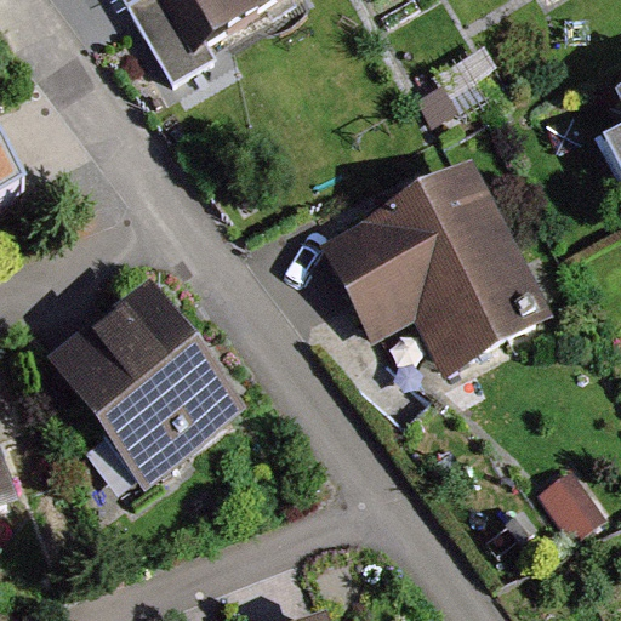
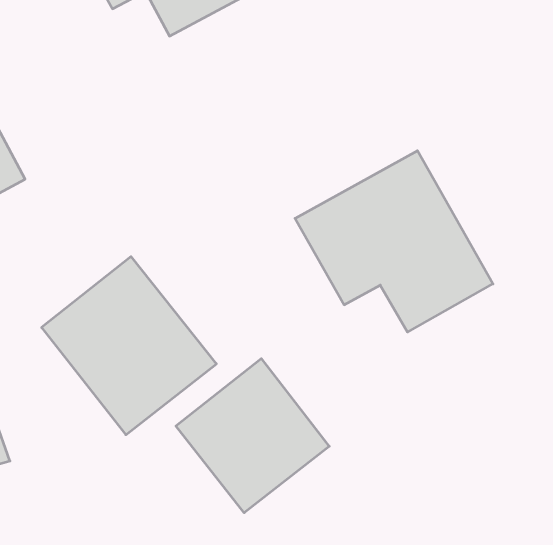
building: none -> [176,359,329,513]

